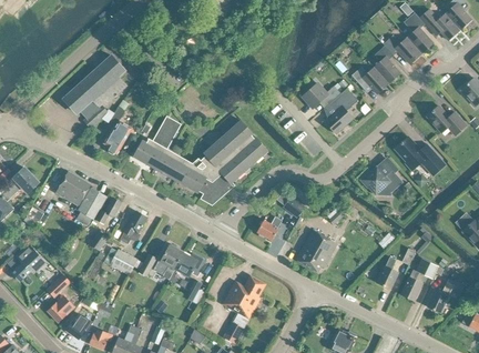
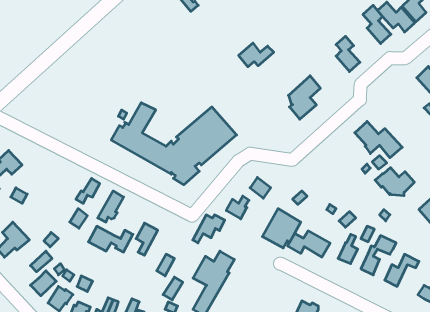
building: [384,34,421,63] -> none
building: [64,54,132,153] -> none
building: [351,65,388,93] -> none
building: [303,82,340,108] -> [239,43,274,67]
building: [427,104,466,134] -> none
building: [360,165,402,195] -> [375,168,414,196]
building: [57,171,108,224] -> none
building: [170,252,204,282] -> [193,215,225,243]
building: none -> [288,231,330,257]

